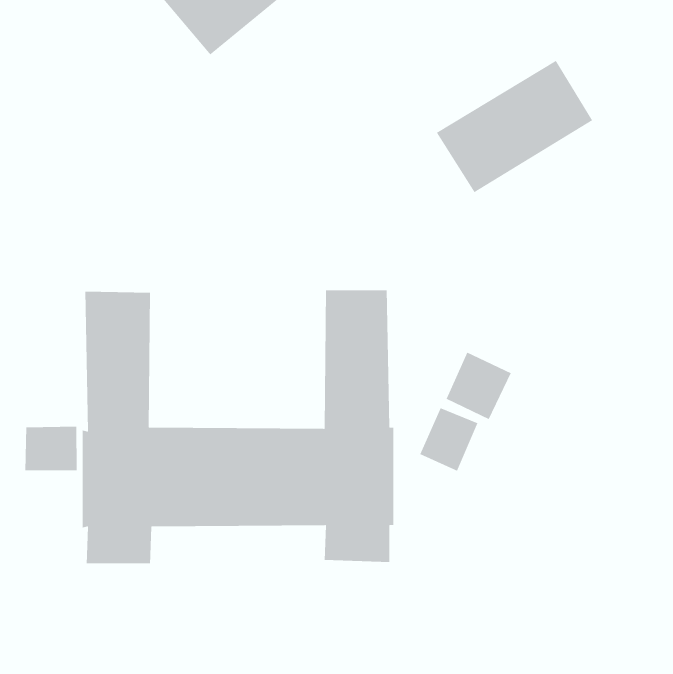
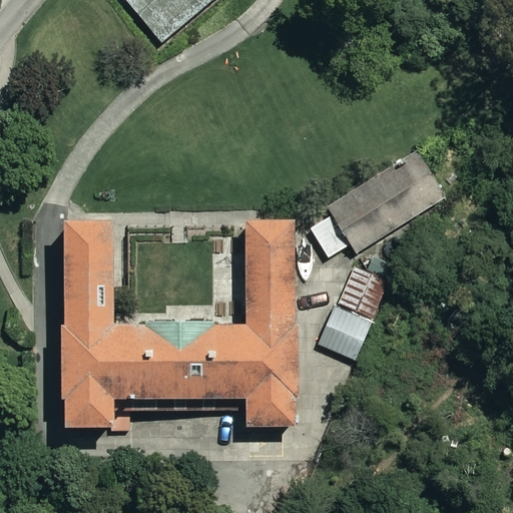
building: [436,60,593,193] -> [326,150,445,251]
building: [25,426,78,471] -> none

